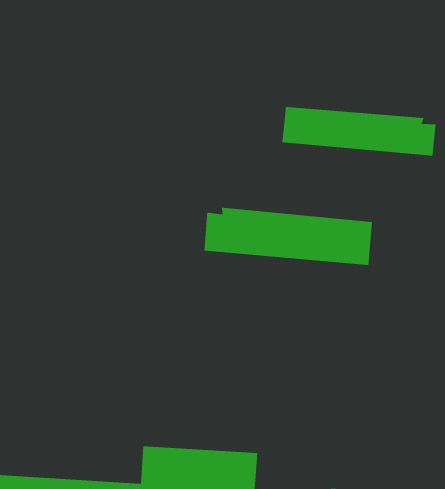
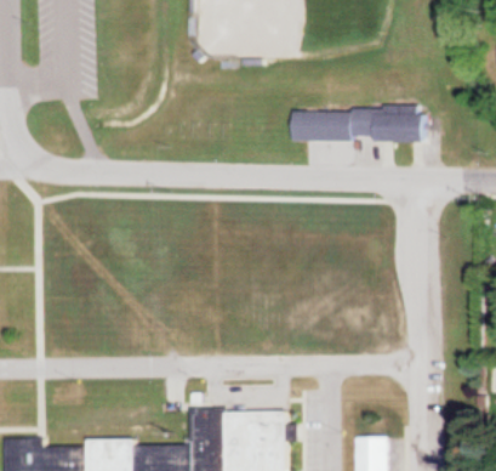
building: [204,207,372,266] -> none

